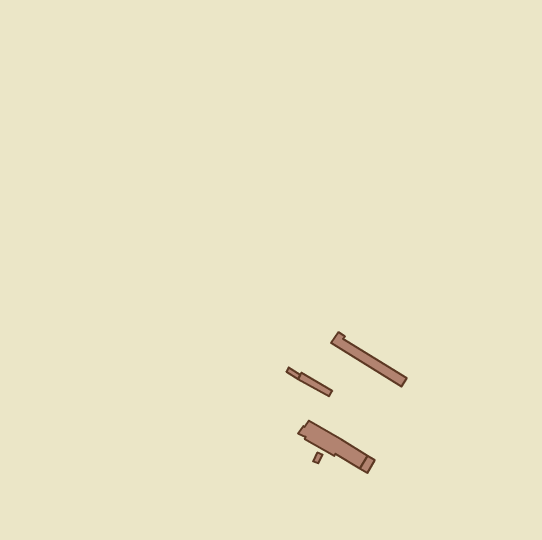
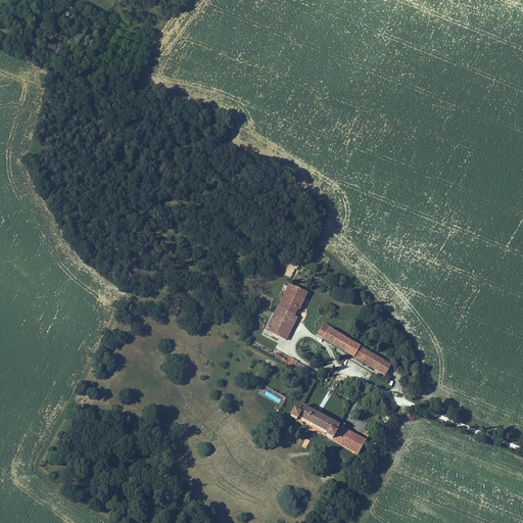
building: none -> [267,284,305,338]

